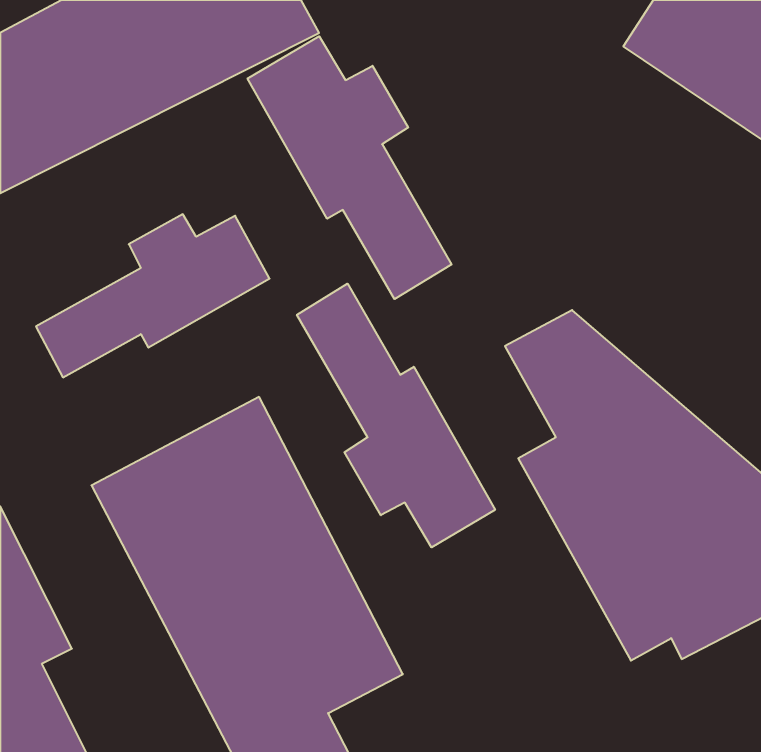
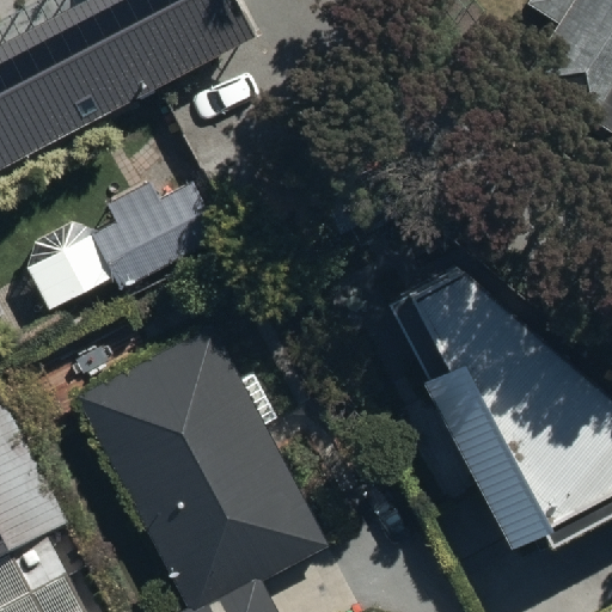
building: [248,36,452,299] -> none
building: [297,284,495,547] -> none

